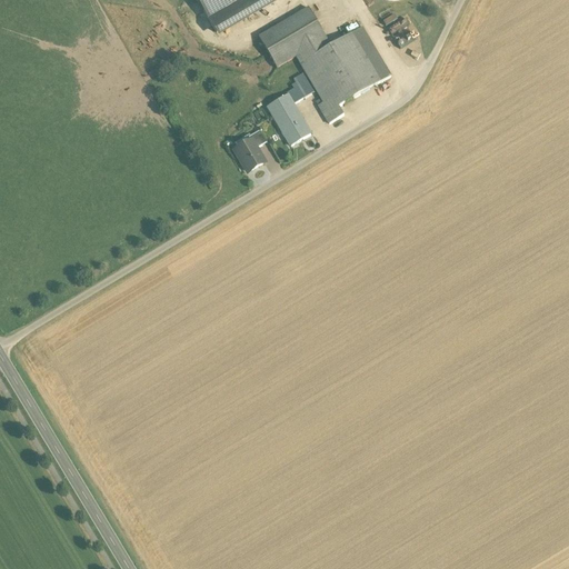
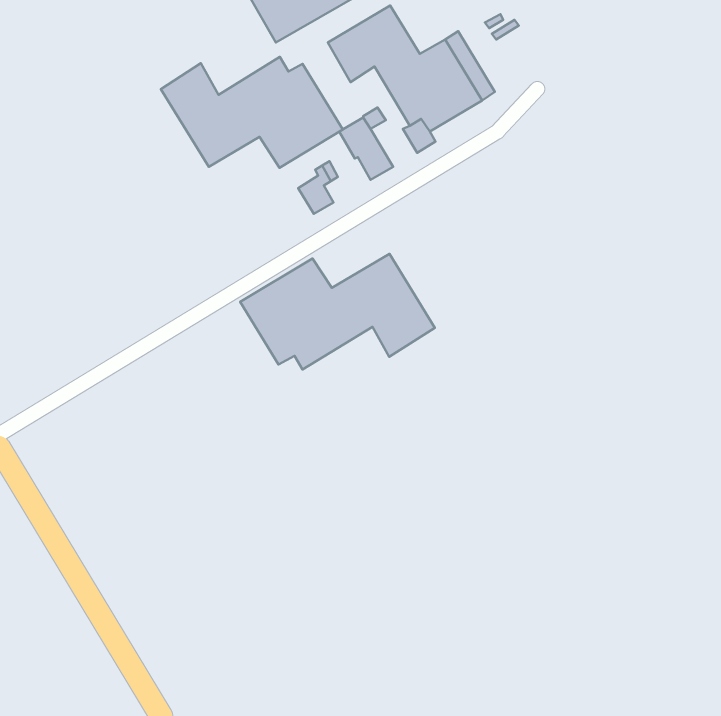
building: none -> [161,57,343,168]
building: none -> [240,254,435,370]

